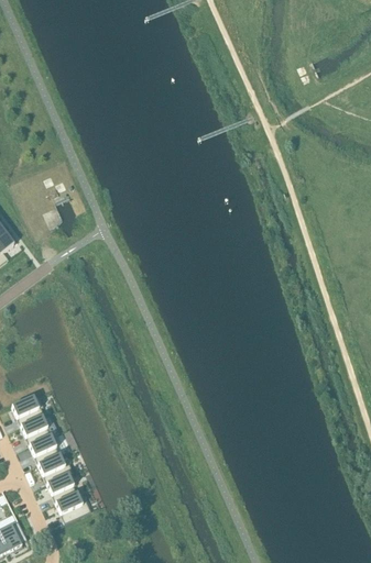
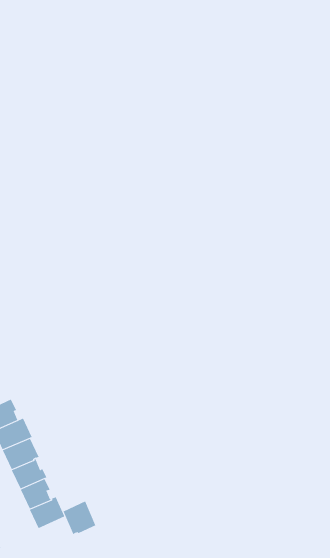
building: none -> [63,500,97,535]

